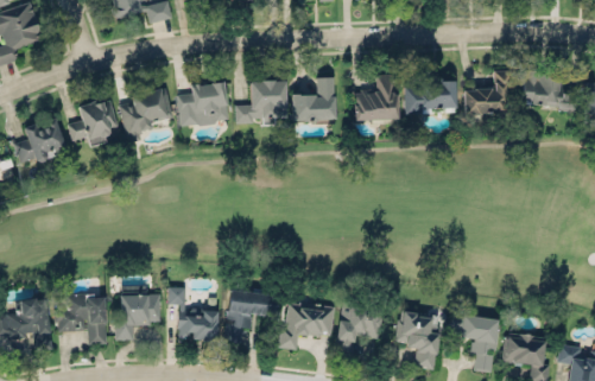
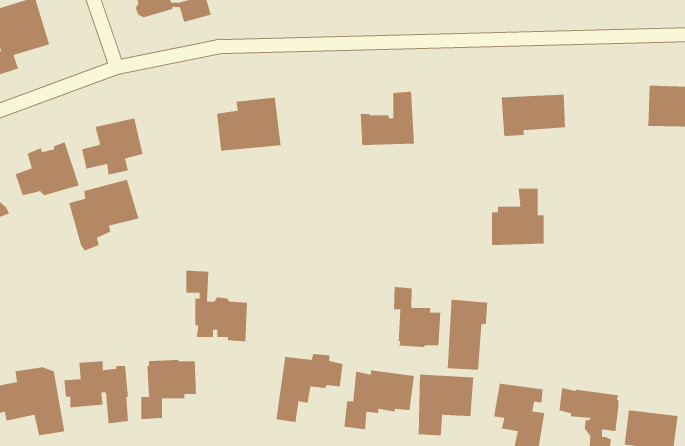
building: [463,70,514,122] -> none
building: [355,75,398,121] -> [491,188,545,246]
building: [235,81,286,123] -> none
building: [118,85,175,144] -> [68,179,139,251]
building: none -> [393,286,441,348]
building: none -> [447,299,488,371]
building: [167,285,217,343] -> [186,270,248,342]

